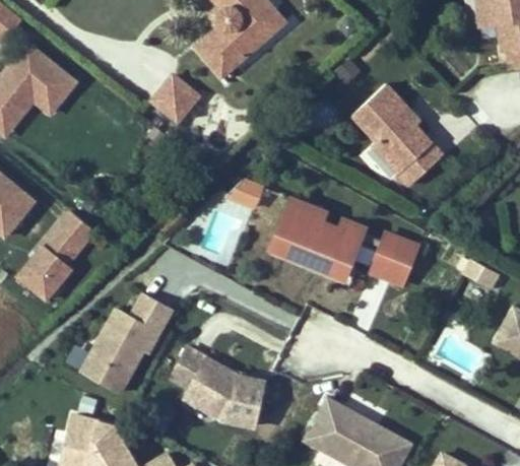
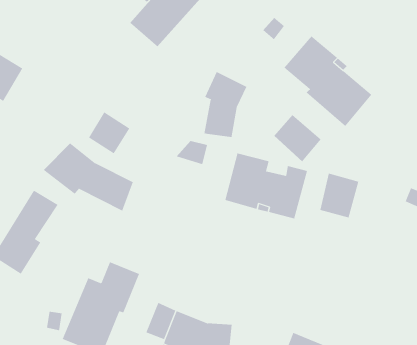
building: [152,75,198,122] -> [88,112,130,154]
building: none -> [204,71,247,138]
building: none -> [273,114,322,162]
building: none -> [43,142,134,211]

